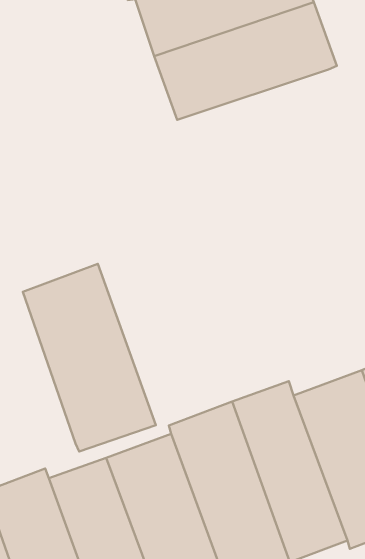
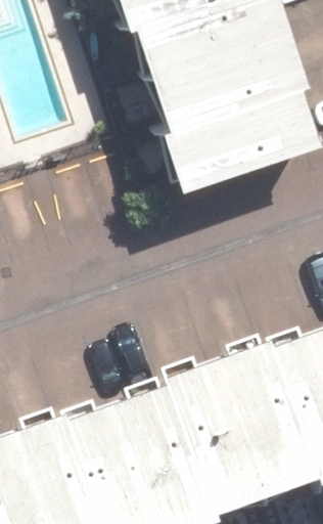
building: none -> [151,77,309,179]
building: [23,264,156,451] -> none

